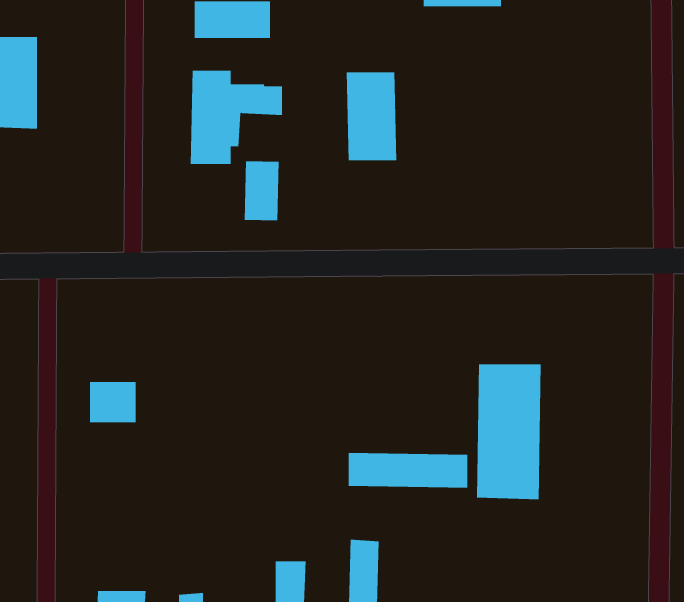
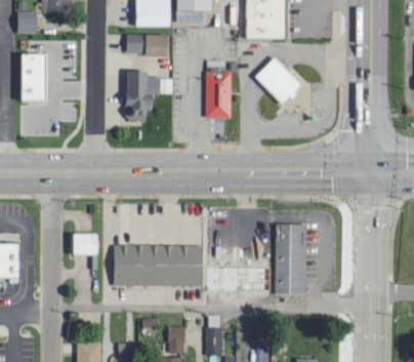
building: none -> [254,56,303,106]
building: [244,160,279,221] -> none
building: none -> [114,244,203,286]

